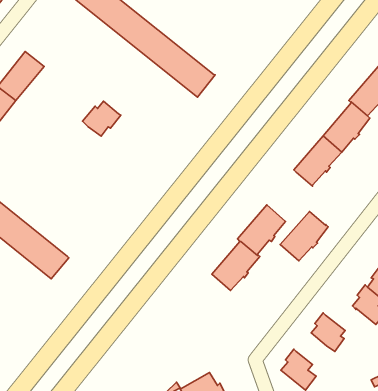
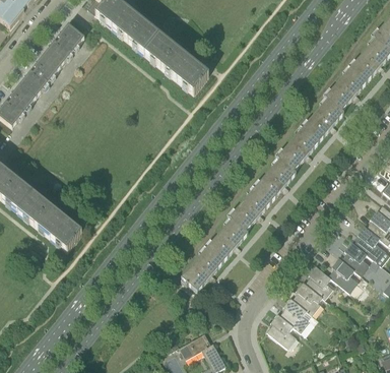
building: none -> [46,23,85,67]
building: [82,101,121,136] -> none
building: [280,212,328,261] -> [255,159,297,201]
building: none -> [182,247,223,291]
building: none -> [306,264,334,298]
building: none -> [280,297,311,331]

